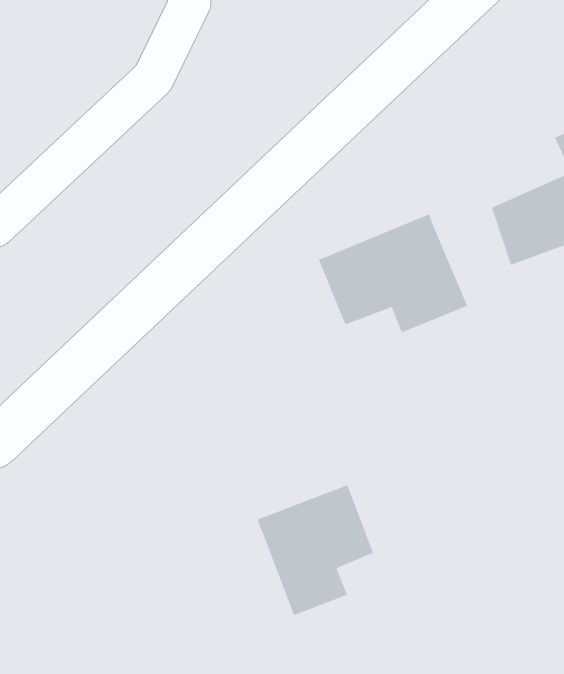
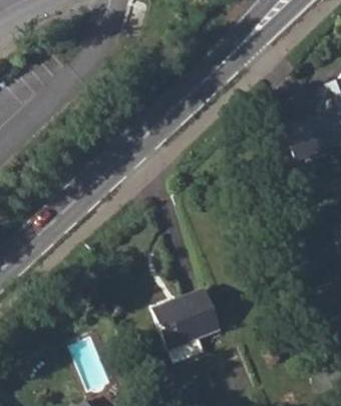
building: [318,213,468,333] -> none

